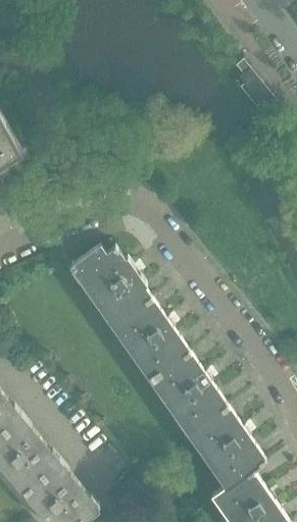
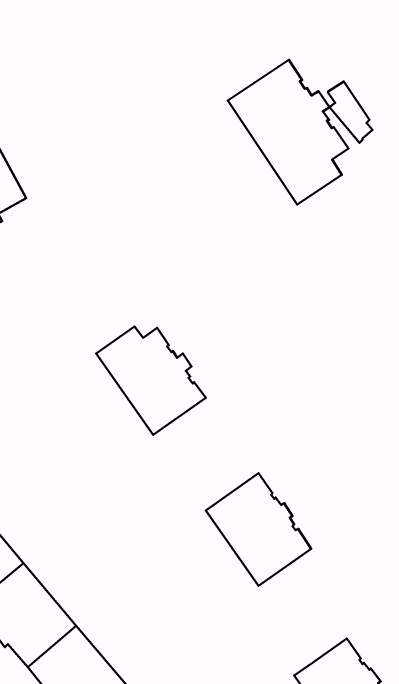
building: none -> [228,60,349,204]
building: [111,298,187,378] -> none
building: [187,406,263,487] -> none

